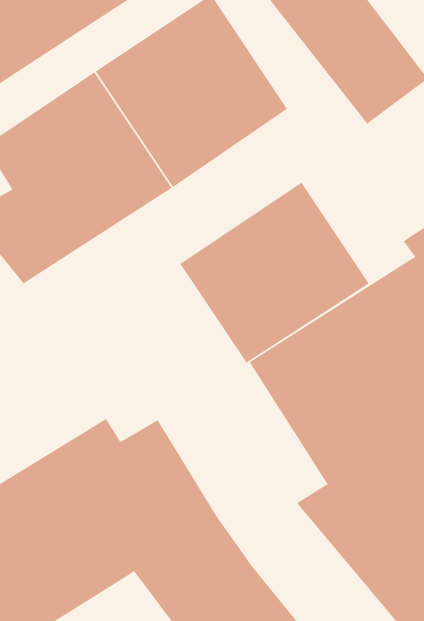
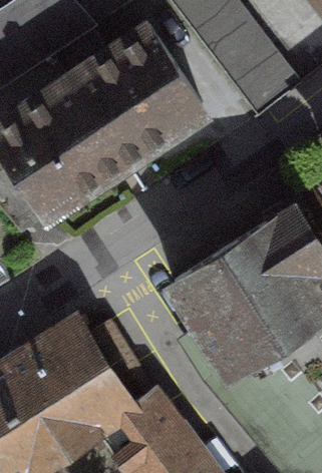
building: [179,182,369,363] -> none

